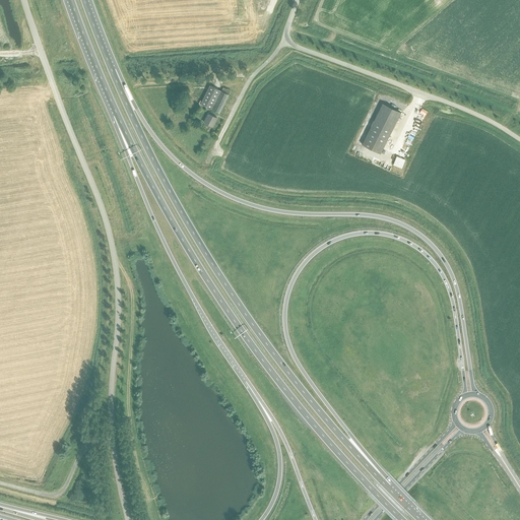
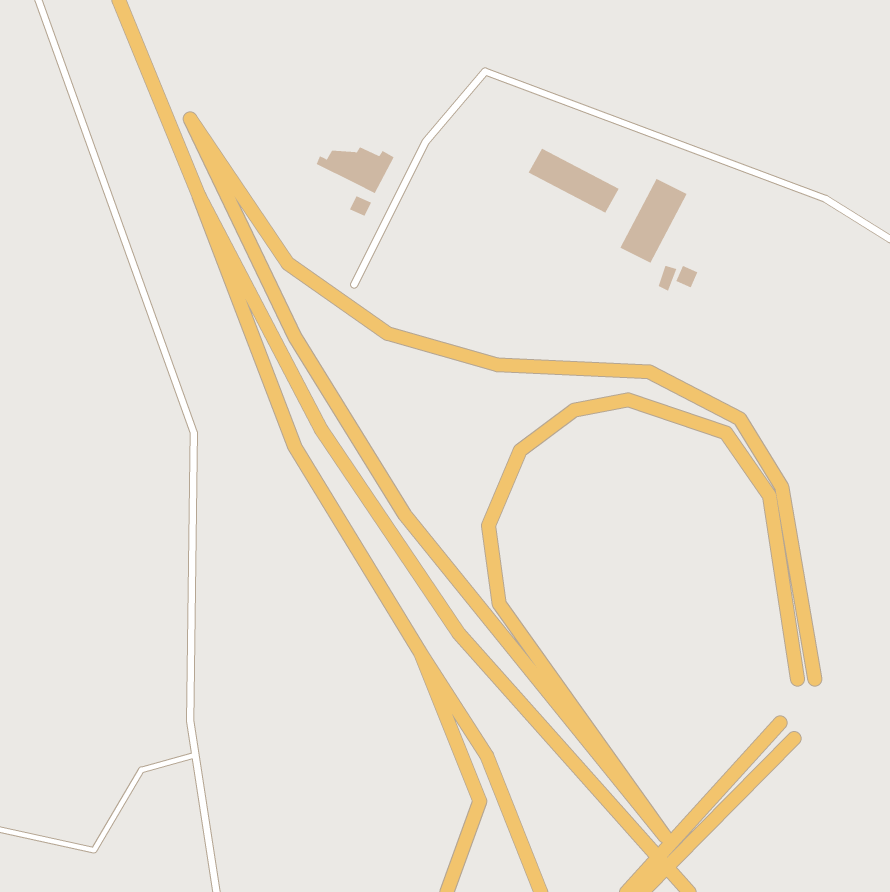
building: none -> [528,148,619,213]

